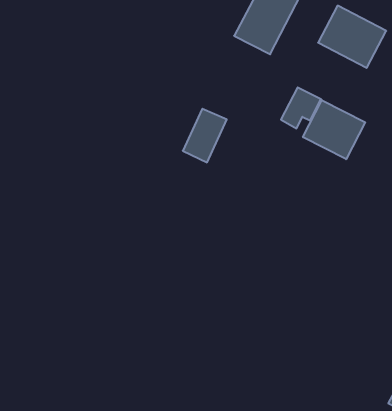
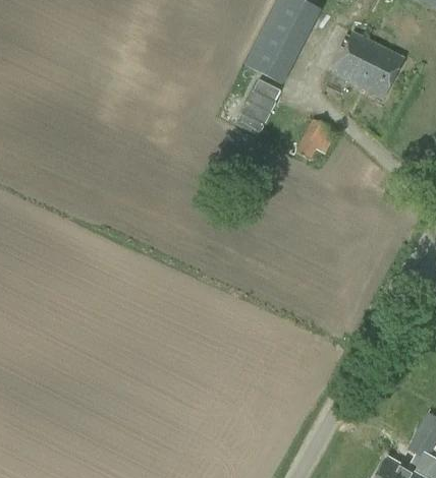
building: [303,100,365,159] -> none
building: [183,109,227,162] -> [236,76,282,132]

